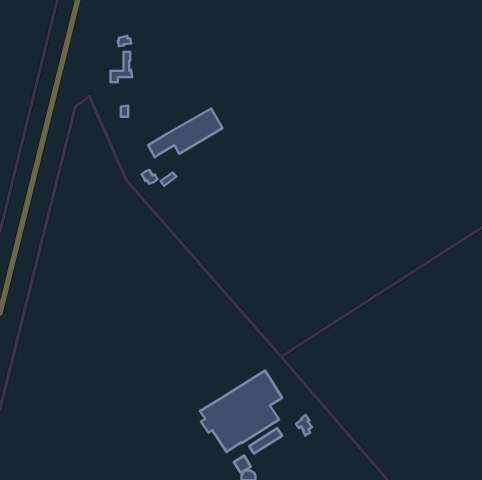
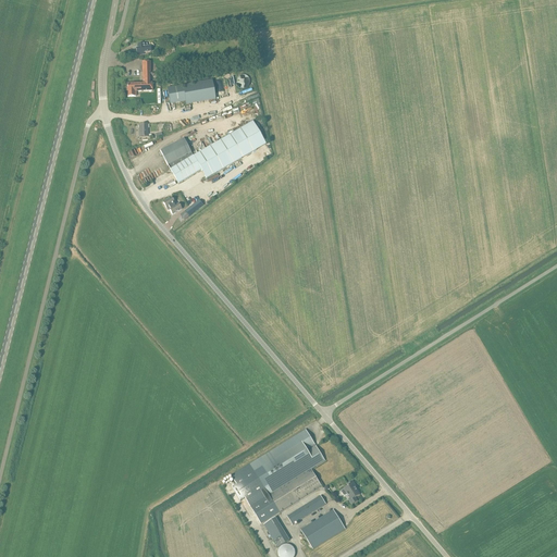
building: none -> [166,78,215,102]
building: none -> [160,137,193,168]
building: none -> [301,508,345,547]

